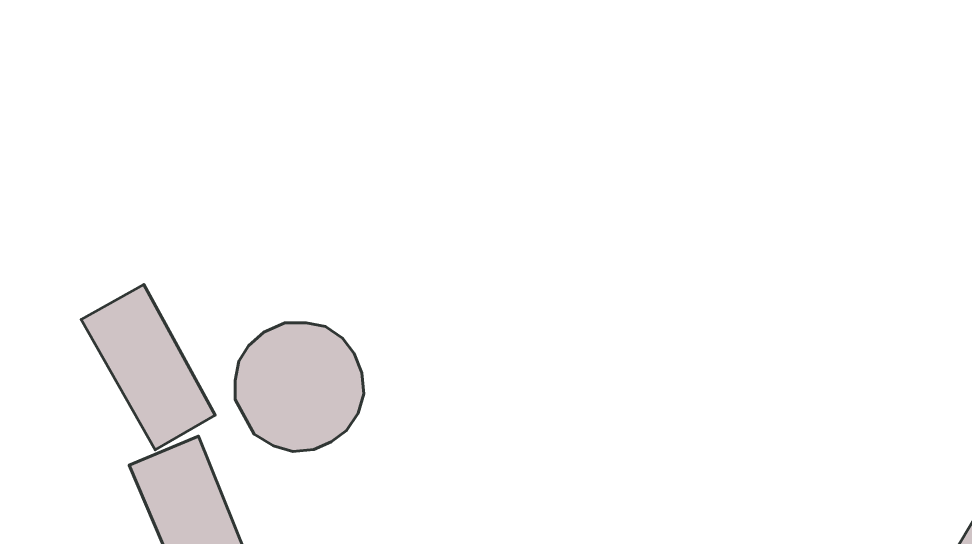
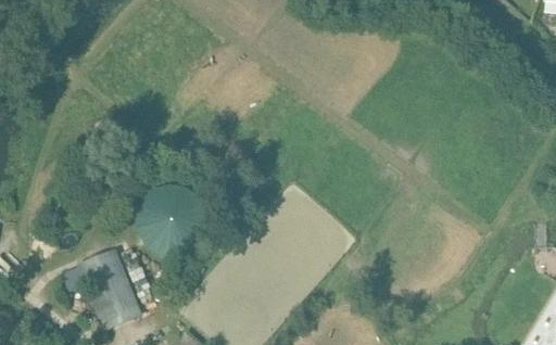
building: [81,284,215,450] -> none

